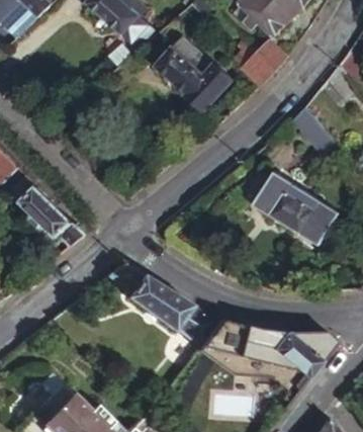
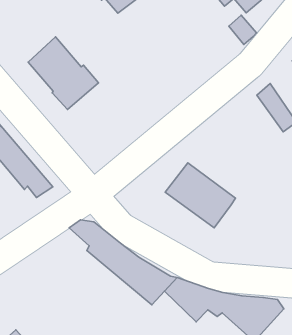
building: [156,37,231,112] -> [28,37,99,110]
building: [232,42,273,85] -> none
building: [255,174,329,240] -> [165,163,236,228]

